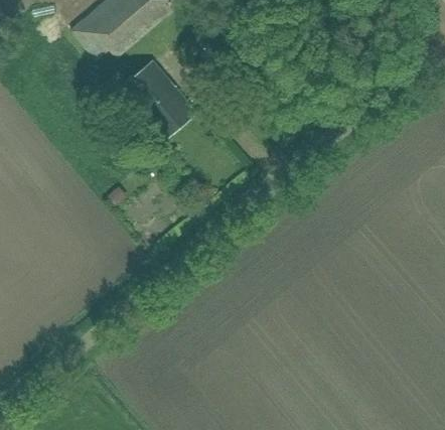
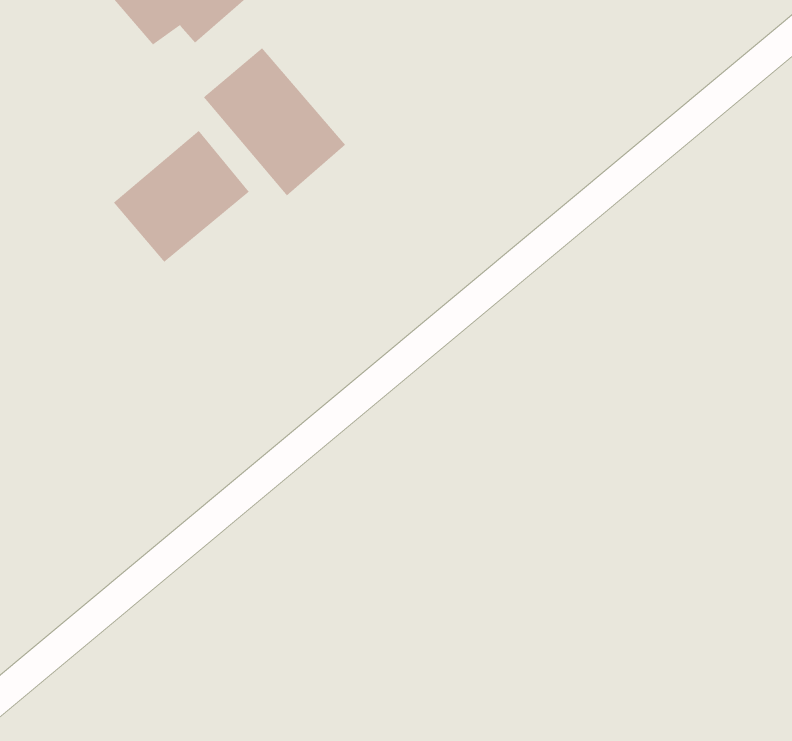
building: none -> [113,130,250,263]

